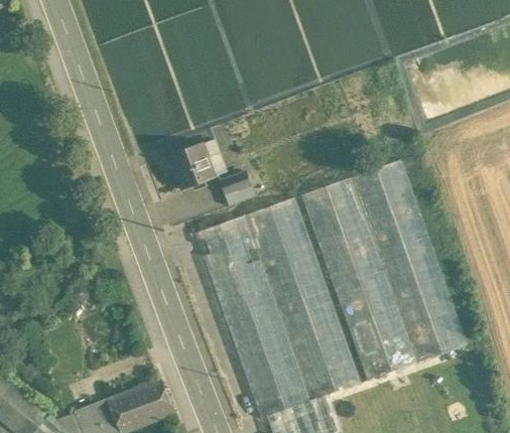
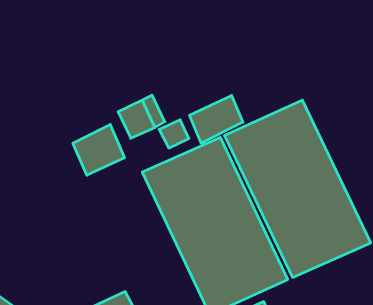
building: none -> [190,95,243,143]
building: none -> [73,124,124,175]

